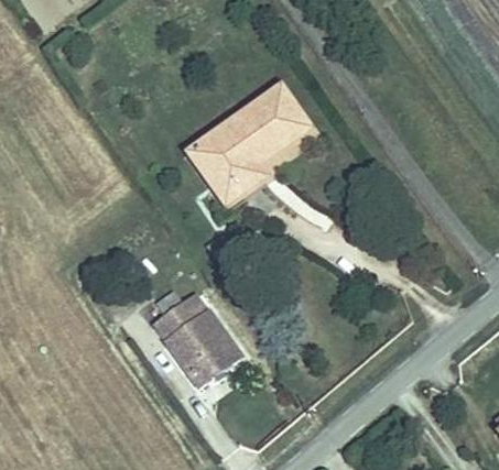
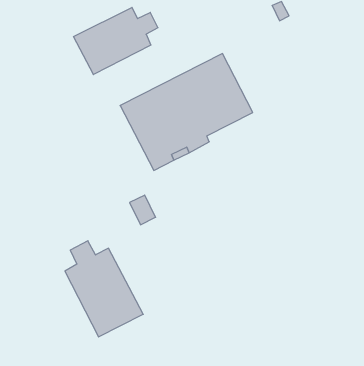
building: none -> [74,7,158,75]

